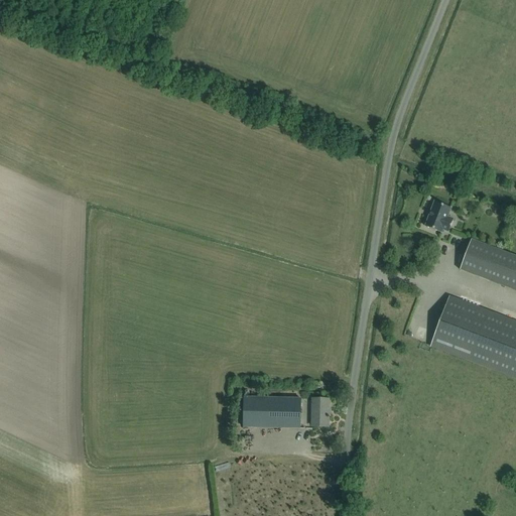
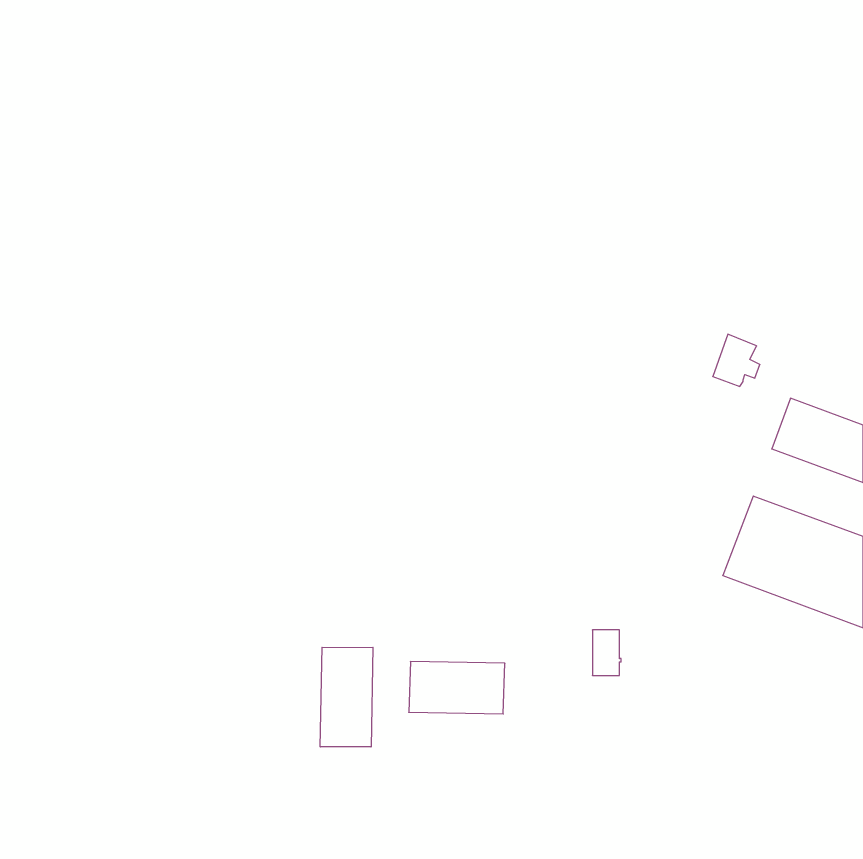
building: none -> [320,647,373,747]
building: [312,397,330,424] -> [592,630,621,675]

